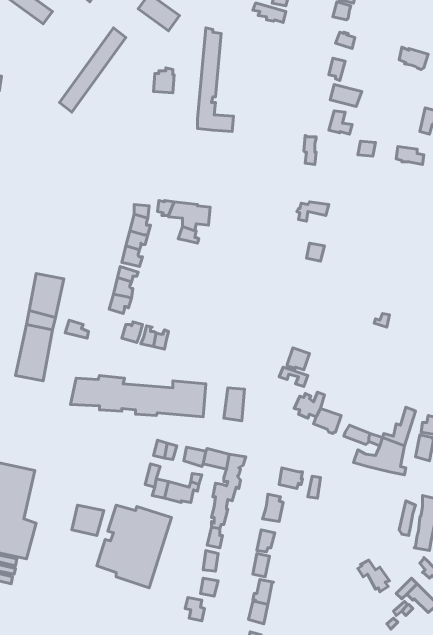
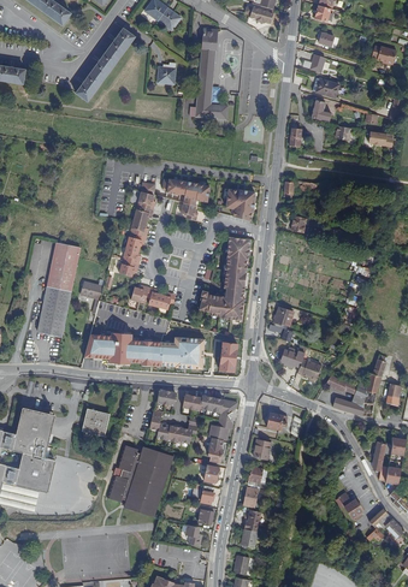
building: none -> [224,189,254,219]
building: none -> [199,236,249,320]
building: [72,505,104,535] -> [82,408,110,434]

